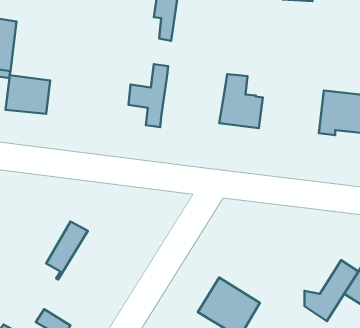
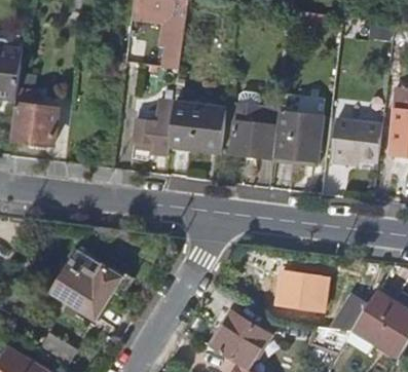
building: none -> [171,104,228,152]
building: none -> [274,111,321,160]
building: none -> [67,261,123,327]
building: none -> [276,270,327,308]

